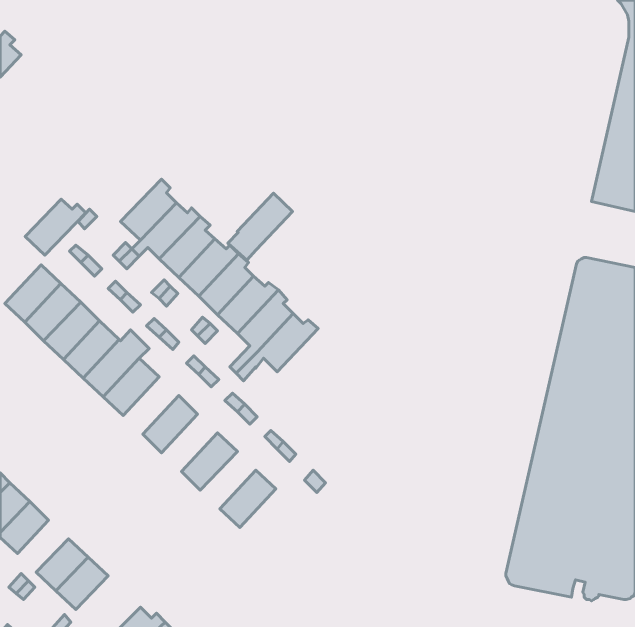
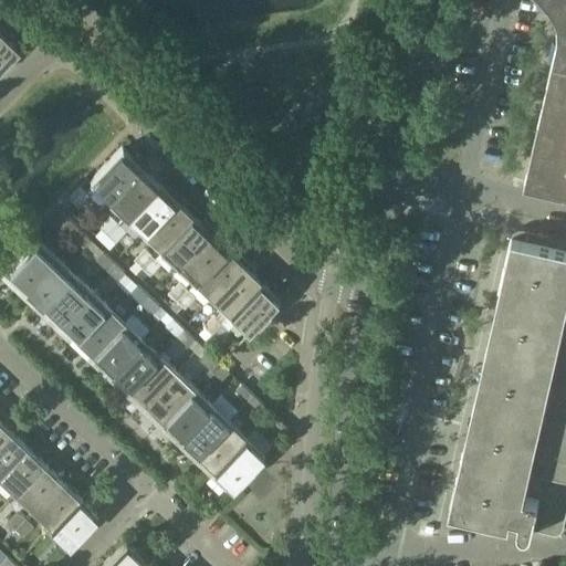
building: [228,193,293,260] -> none
building: [25,199,86,255] -> [90,155,144,205]
building: none -> [109,343,159,394]
building: none -> [144,376,193,427]
building: none -> [178,409,228,460]
building: none -> [213,442,264,494]
building: none -> [15,470,61,516]

